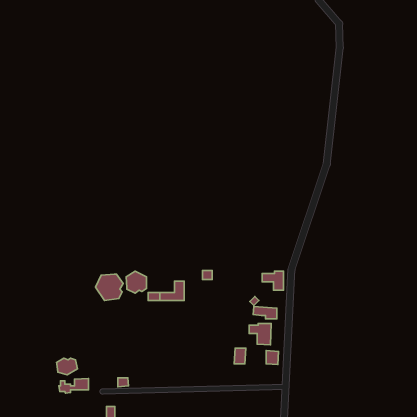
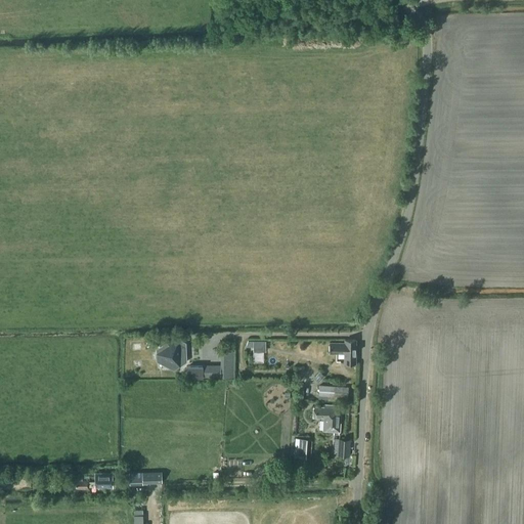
building: [95,274,123,300] -> none
building: [57,358,77,375] -> none

